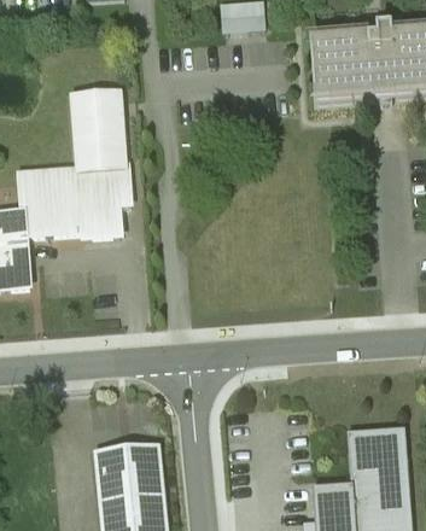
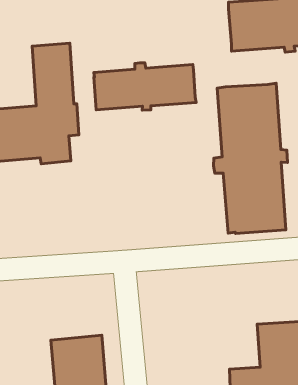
building: none -> [94,63,196,110]
building: none -> [214,83,287,234]

